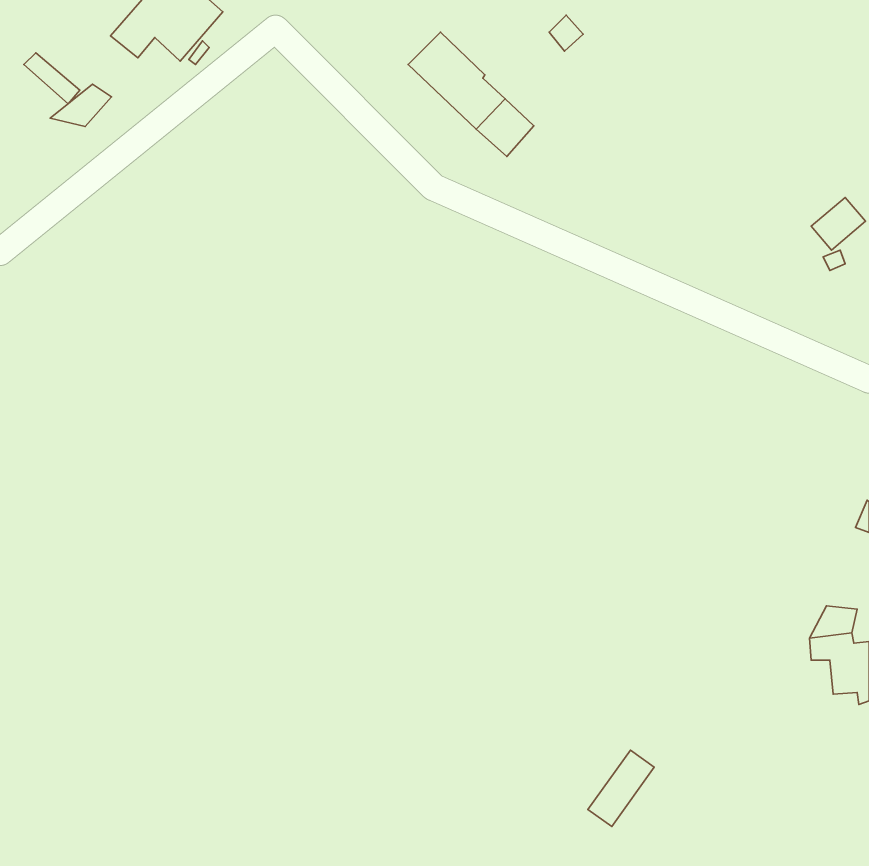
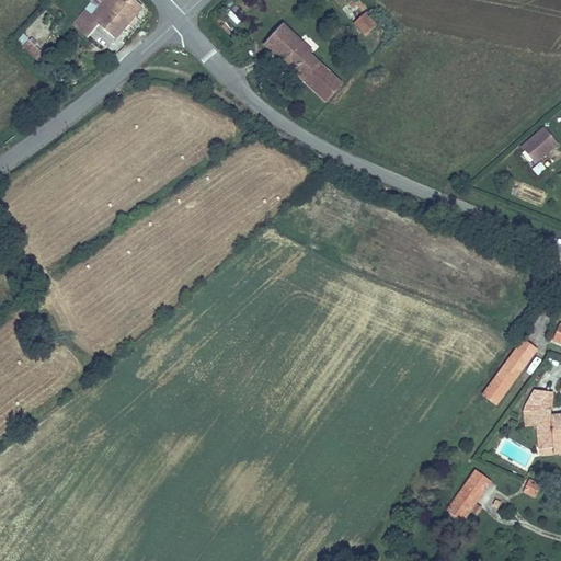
building: [50,84,112,127] -> none
building: none -> [482,339,537,405]
building: [588,750,654,827] -> [448,470,491,519]

